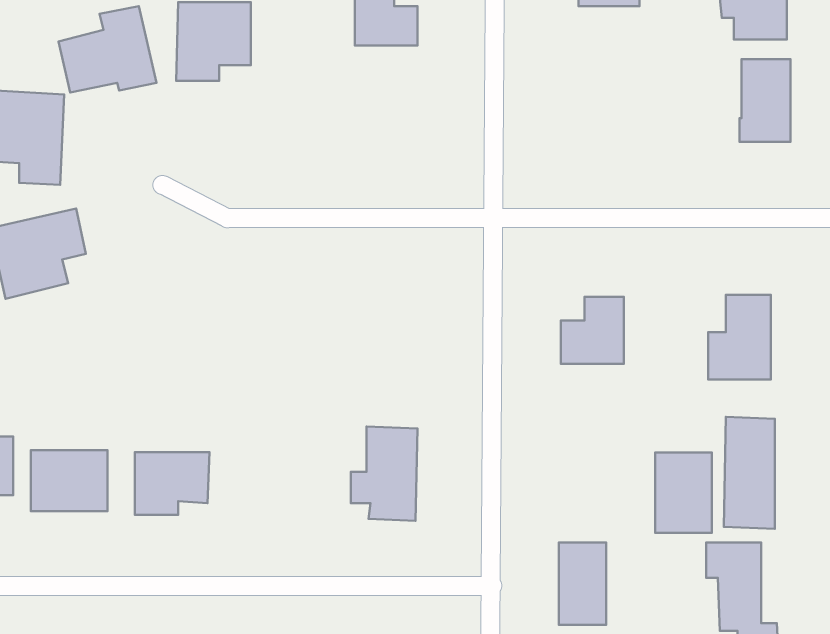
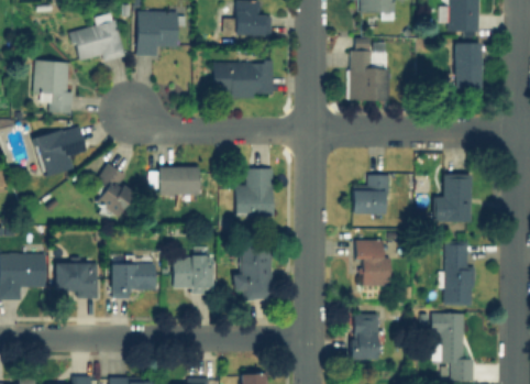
building: none -> [349,39,388,101]
building: none -> [214,63,272,98]
building: none -> [95,163,133,217]
building: none -> [157,167,199,195]
building: none -> [235,168,272,217]
building: none -> [173,255,214,294]
building: [655,452,712,533] -> [357,241,389,286]

